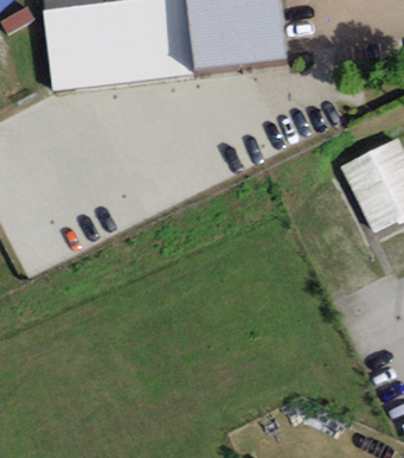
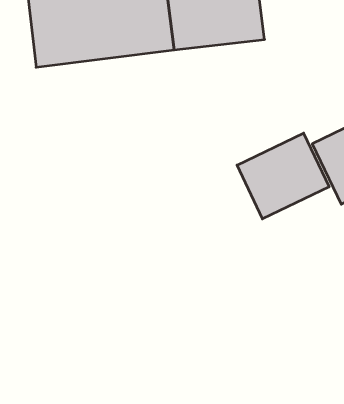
building: none -> [237,133,329,219]

